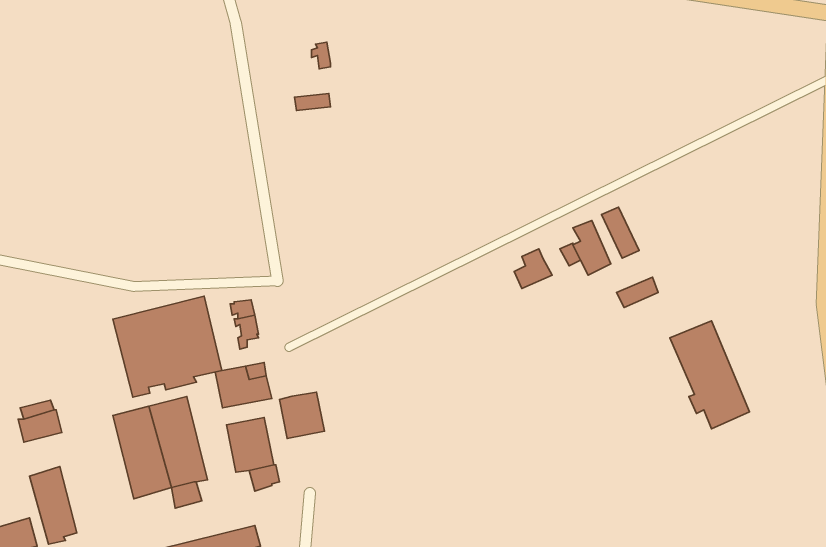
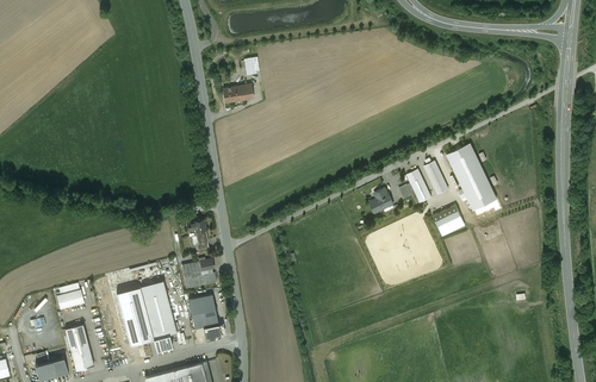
building: [113,296,222,397] -> none
building: [670,321,749,429] -> [446,143,496,211]
building: [279,392,324,438] -> none

